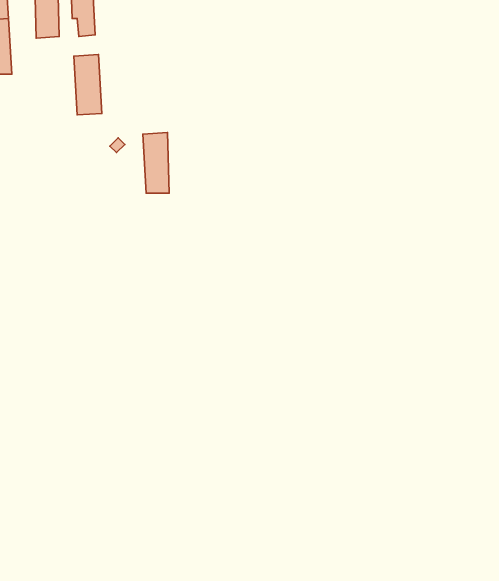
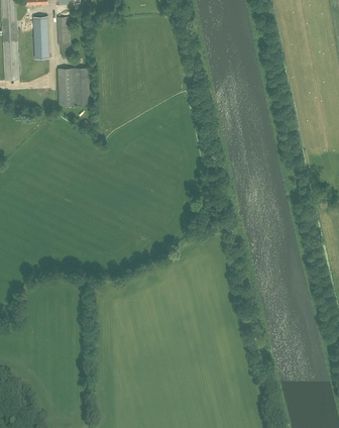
building: [143,133,169,193] -> [73,67,89,104]

